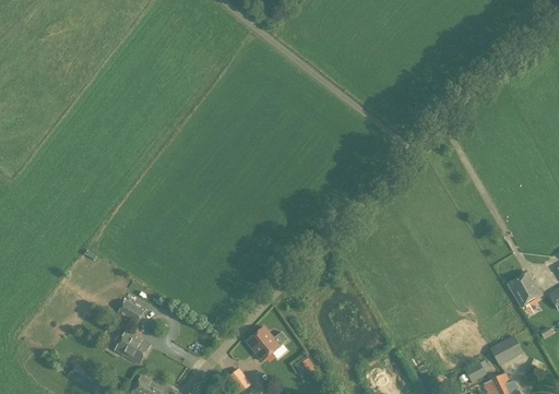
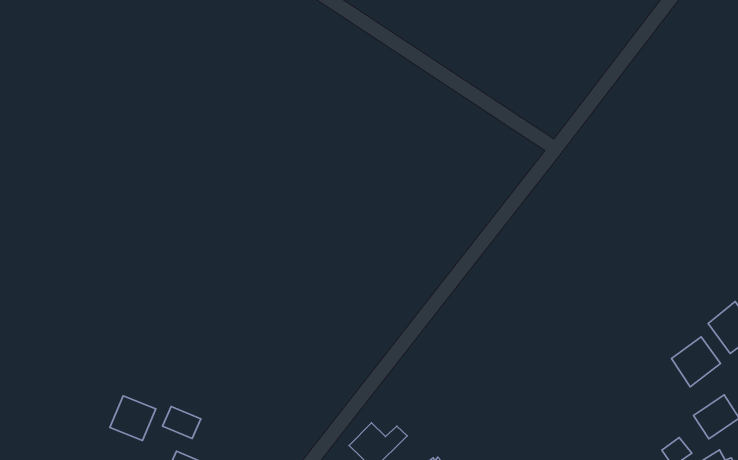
building: none -> [110,396,156,441]
building: none -> [671,337,721,387]

